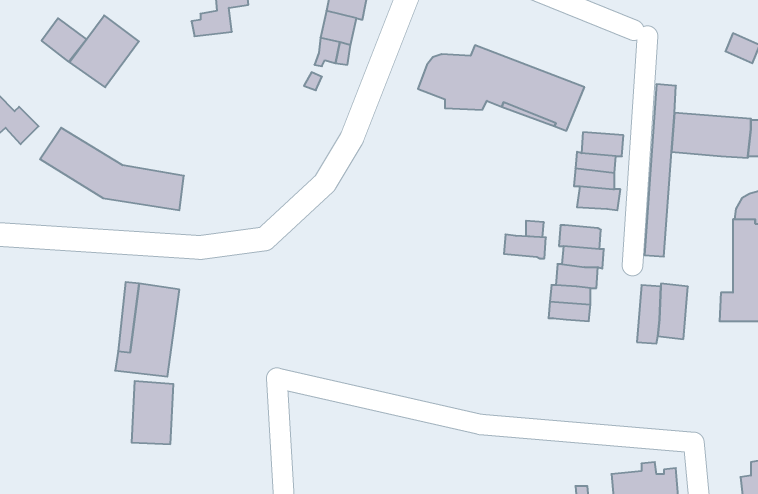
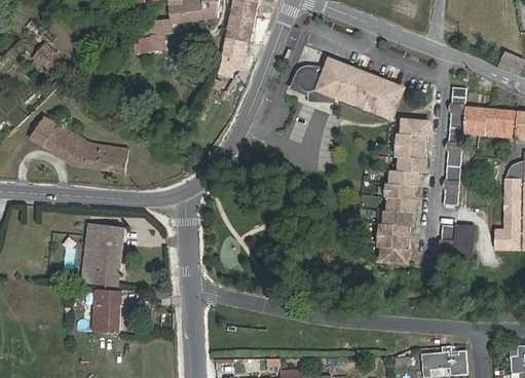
building: [70,15,139,87] -> none
building: [504,234,546,258] -> [389,169,418,186]
building: none -> [380,247,409,263]

